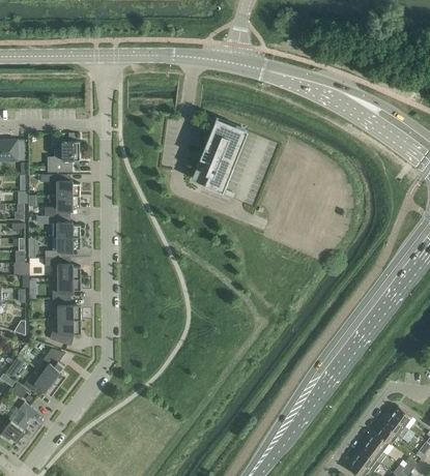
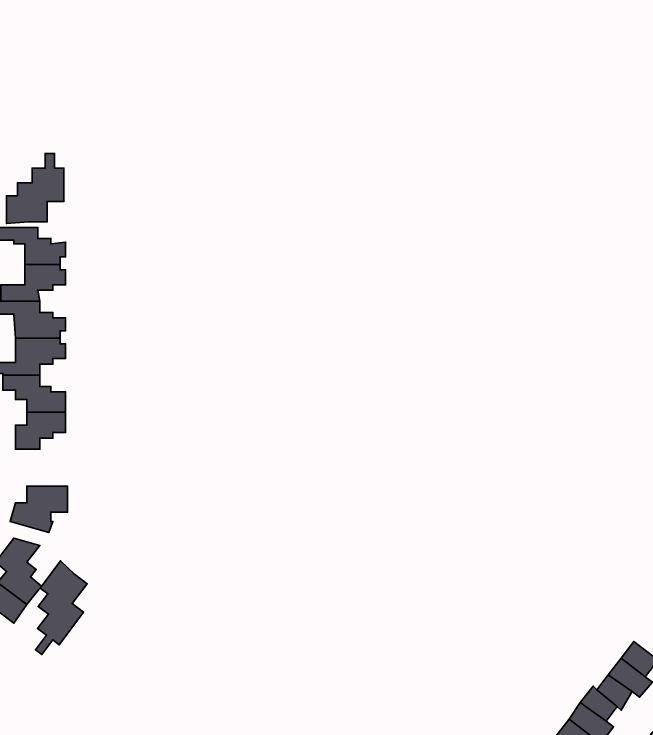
building: [191,117,247,191] -> none
building: [52,299,81,320] -> none
building: none -> [36,561,87,654]

